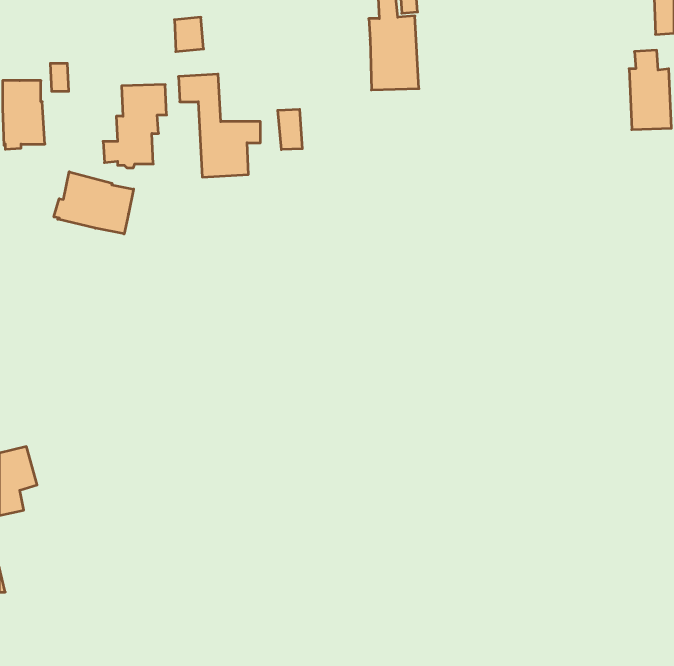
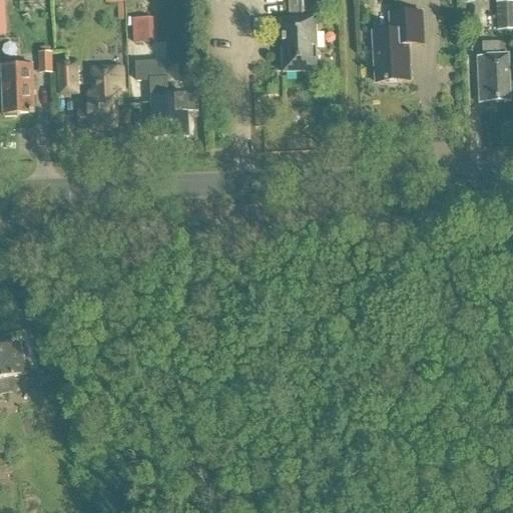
building: none -> [373,7,424,78]
building: none -> [59,59,77,89]
building: [278,109,302,150] -> none
building: [54,172,134,234] -> none

